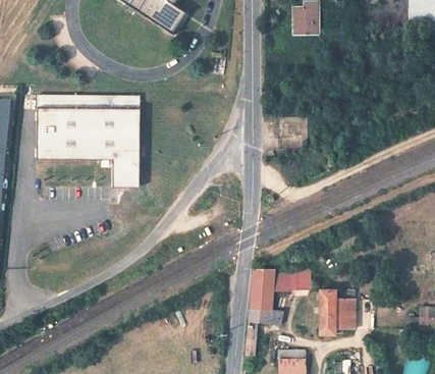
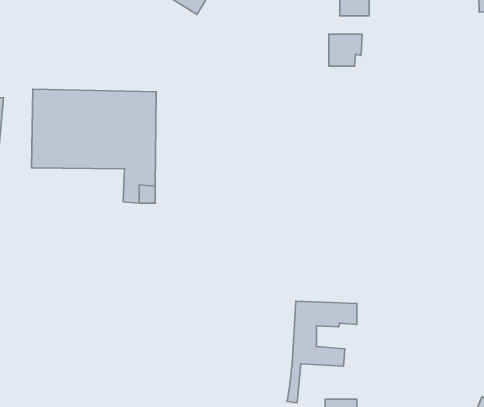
building: none -> [329,34,362,66]
building: [322,288,360,332] -> none

